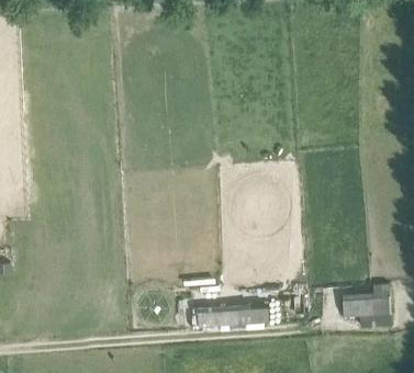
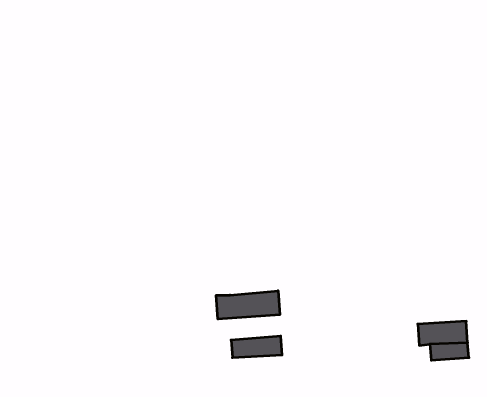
building: none -> [216,291,280,319]

